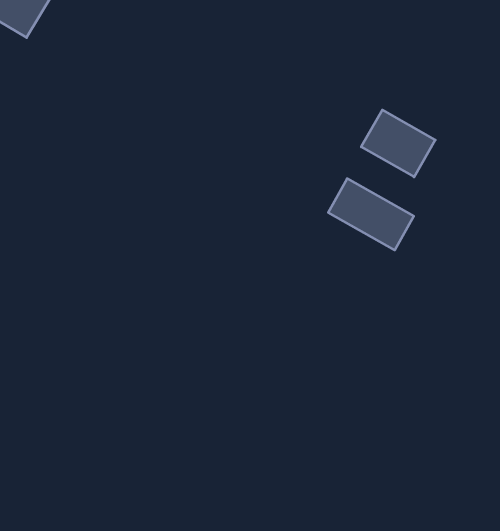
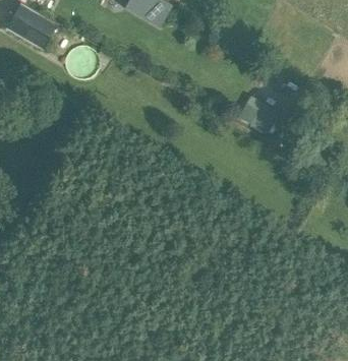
building: [328,179,414,250] -> none

